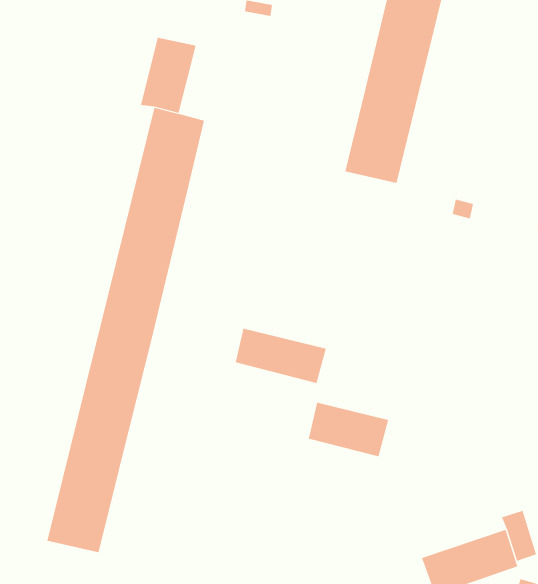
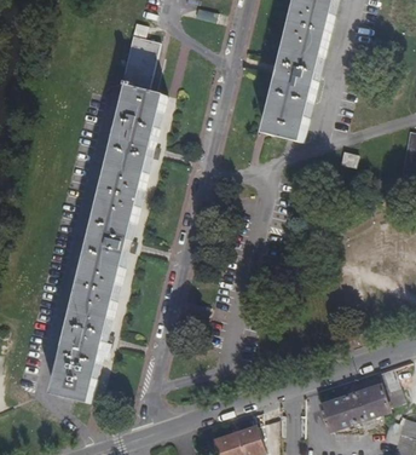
building: [235,328,327,384] -> none
building: [308,402,389,457] -> none

